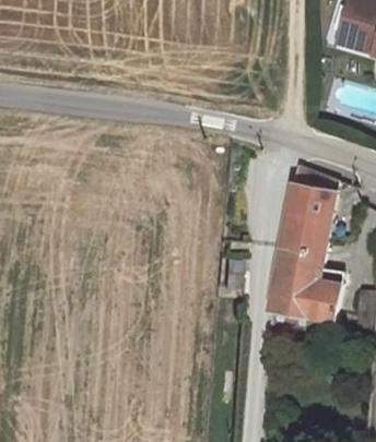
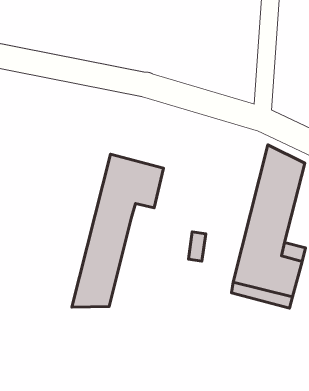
building: none -> [72,154,163,307]

